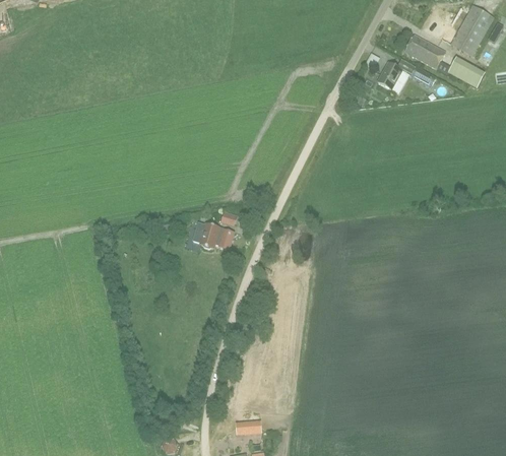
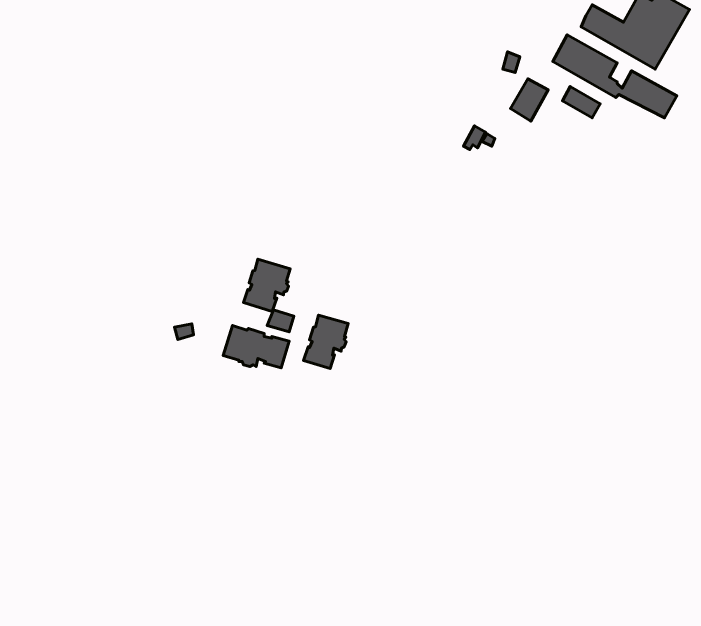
building: none -> [244,259,290,311]
building: none -> [304,315,348,369]

